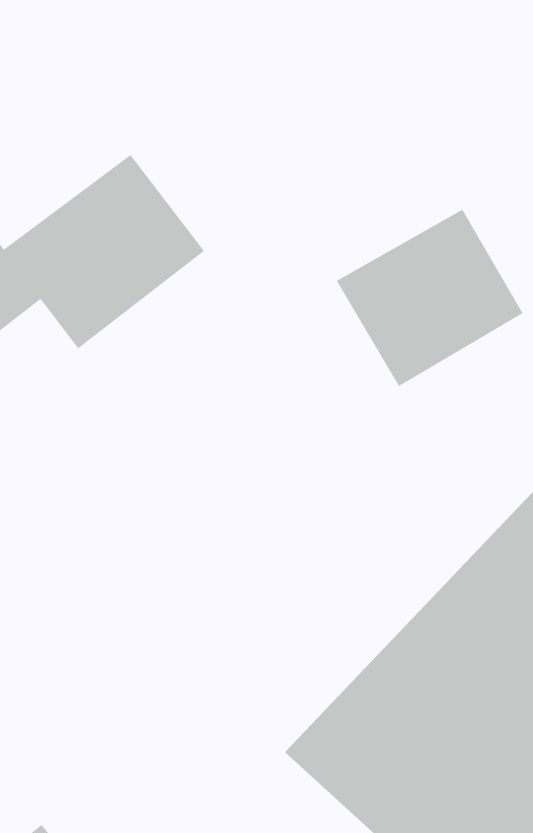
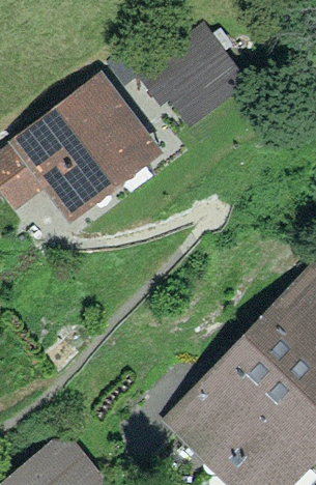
building: [336,209,523,387] -> [136,17,238,114]

